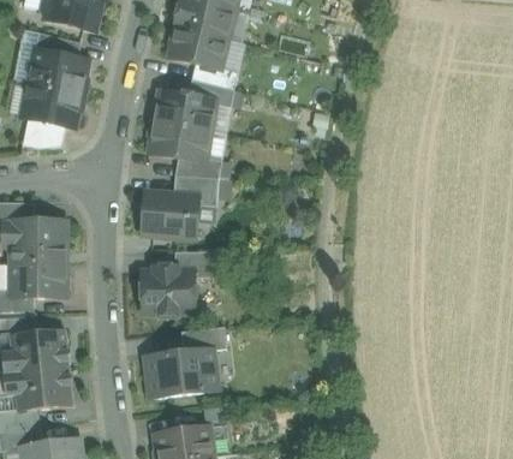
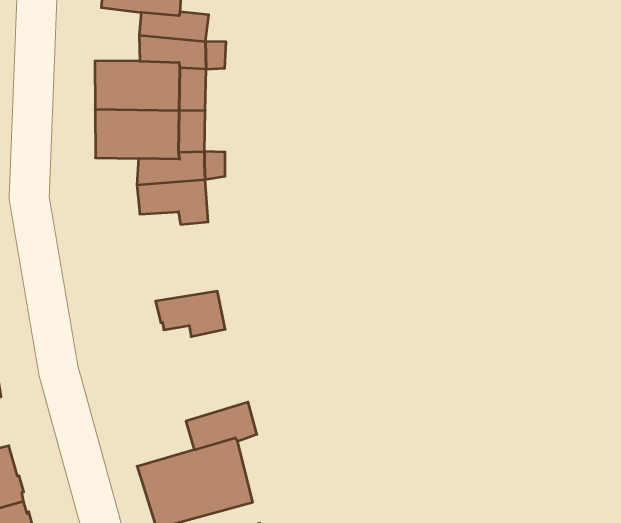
building: [141,192,197,237] -> none
building: [141,266,193,314] -> none

